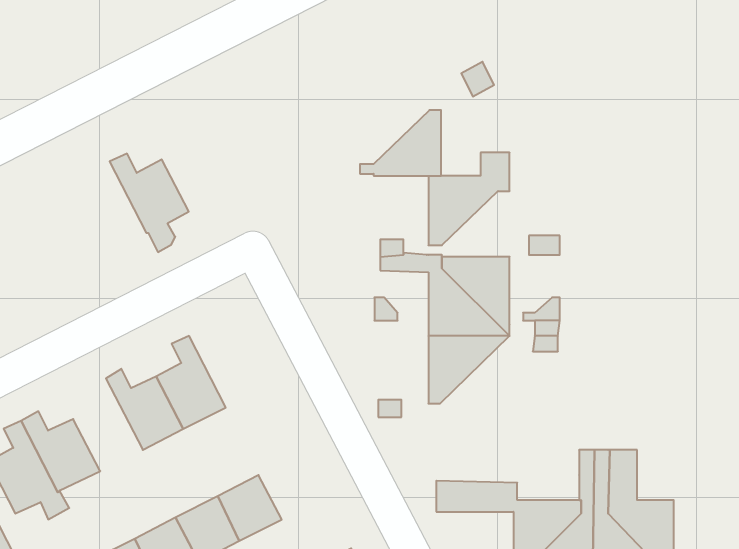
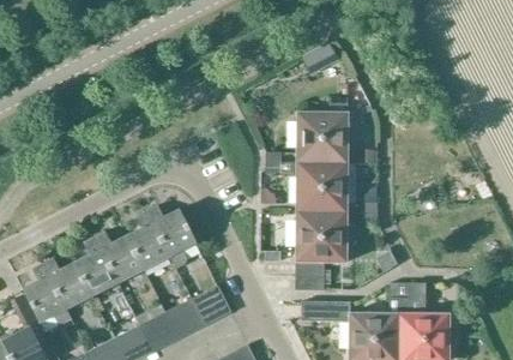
building: [360,110,441,176] -> [296,122,346,163]
building: [110,154,189,252] -> [147,208,197,269]
building: none -> [296,212,346,290]
building: none -> [76,239,119,296]
building: none -> [191,286,231,326]

